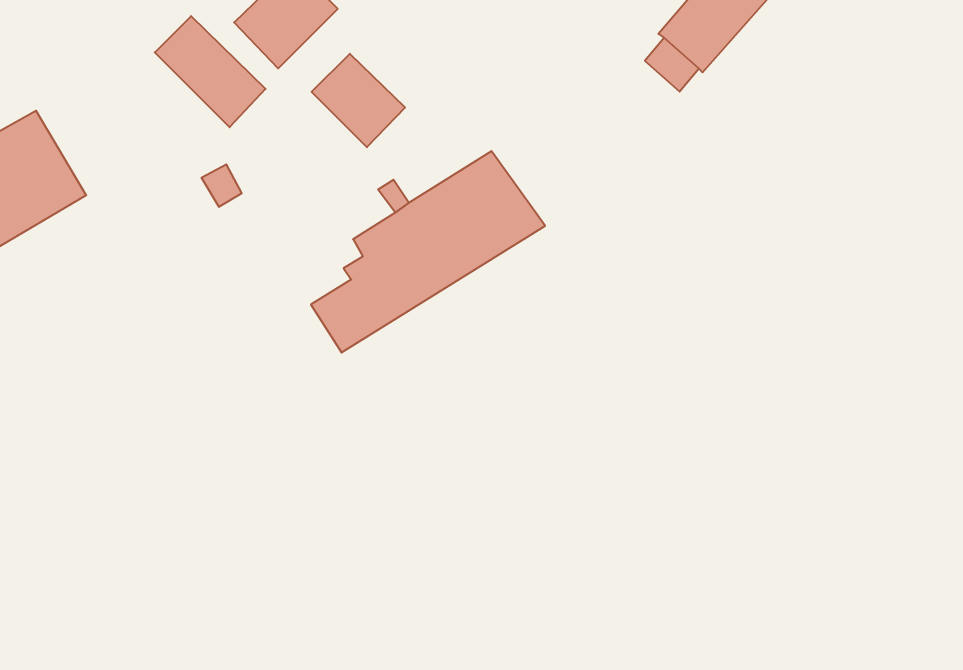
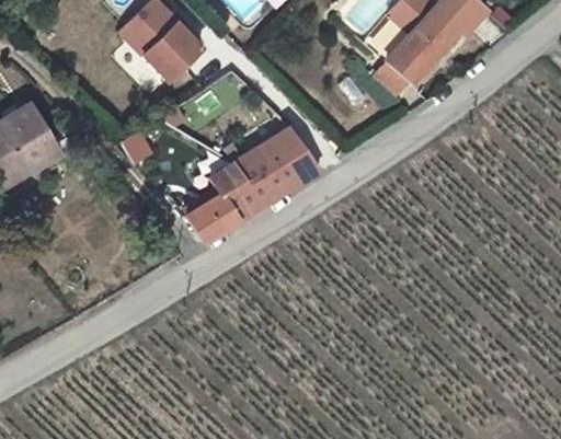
building: [155,16,266,127] -> none
building: [312,54,405,147] -> none

